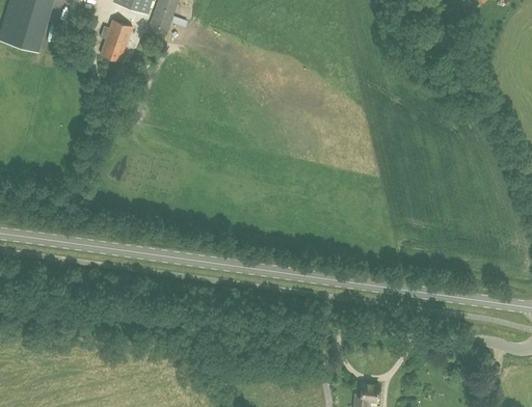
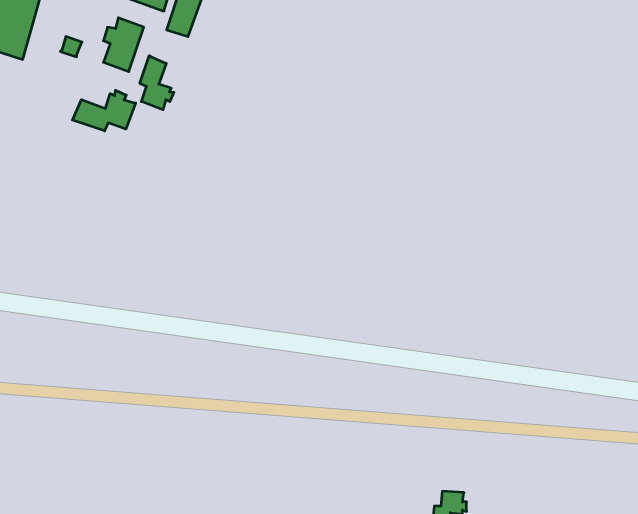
building: none -> [140,56,174,110]
building: none -> [72,90,136,131]

